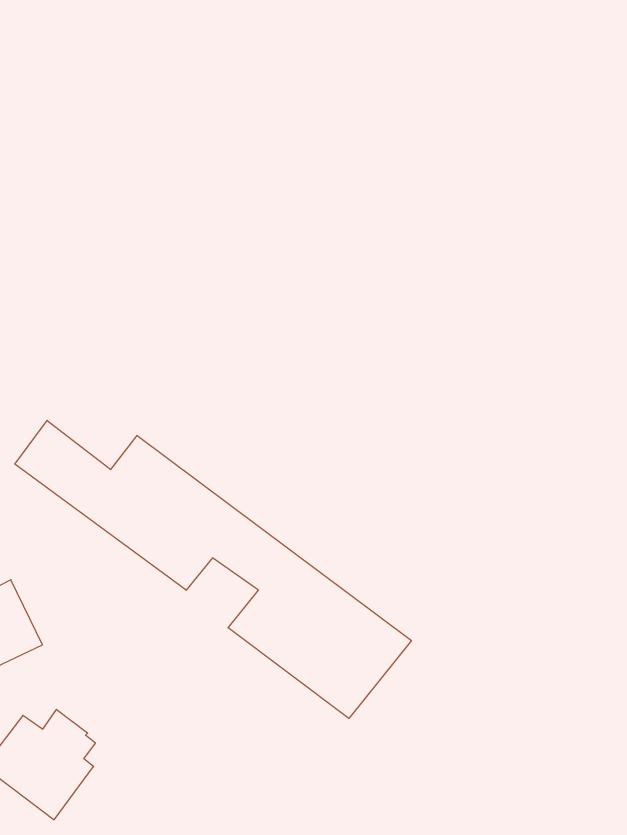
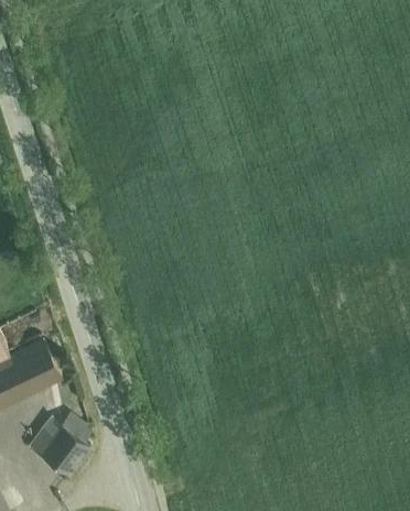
building: [15,420,411,718] -> none

